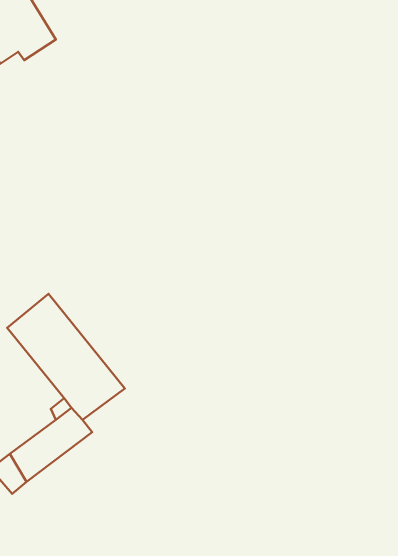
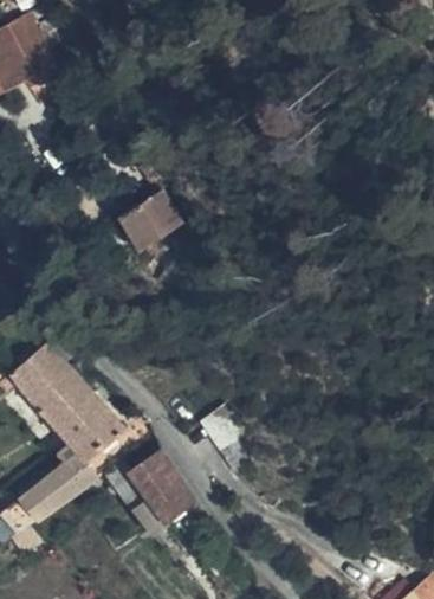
building: none -> [112,206,174,265]
building: none -> [135,453,190,521]

